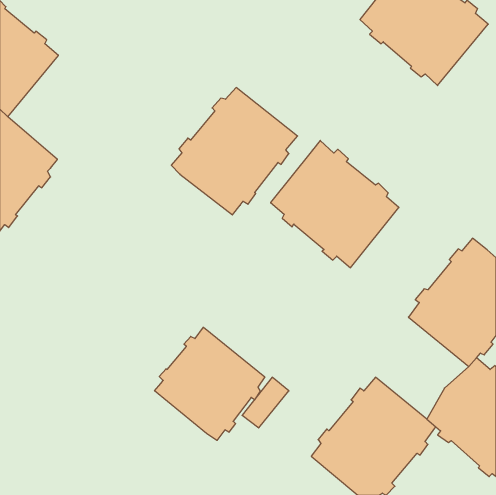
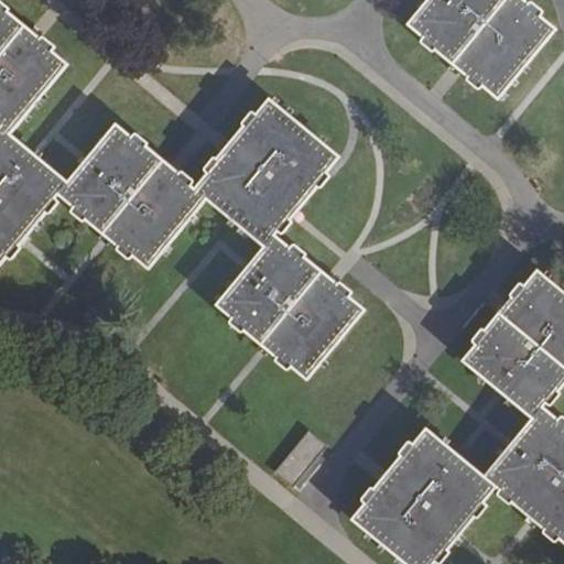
building: none -> [57,122,204,267]
building: [271,140,399,268] -> [216,232,361,377]
building: [155,327,265,440] -> none

